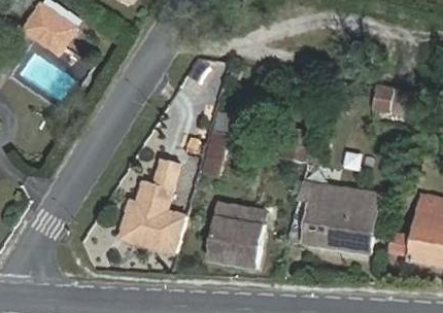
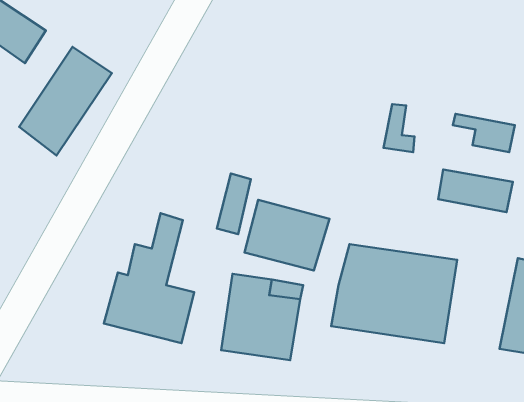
building: none -> [19,47,112,155]
building: none -> [438,169,513,212]
building: none -> [245,200,330,270]

